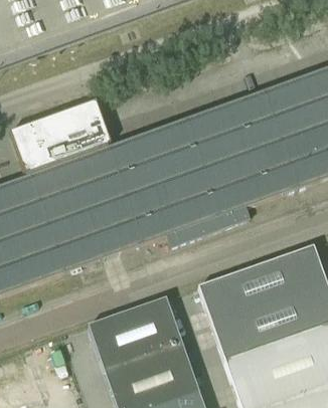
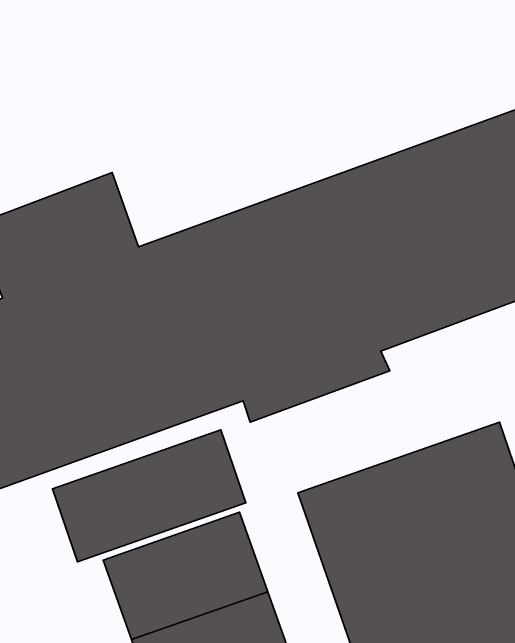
building: none -> [52,430,246,562]

